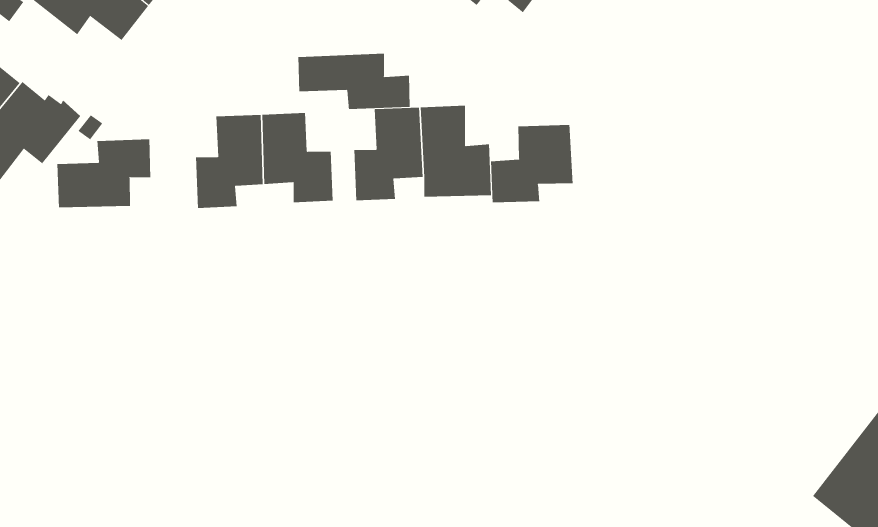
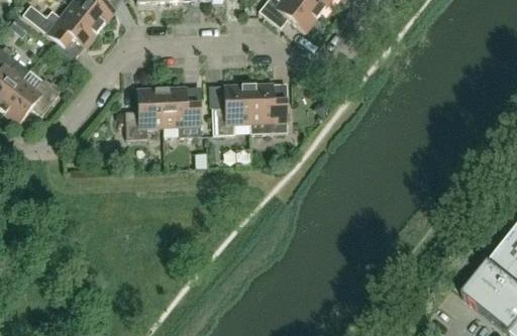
building: [298,53,410,110] -> none
building: [490,124,573,203] -> none
building: [57,138,151,208] -> none

